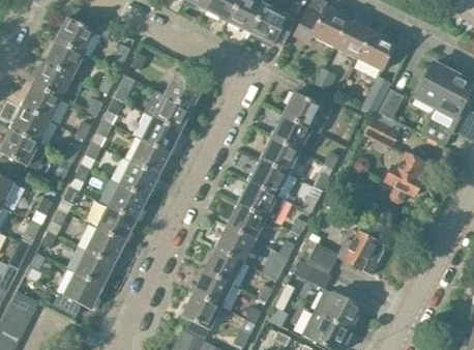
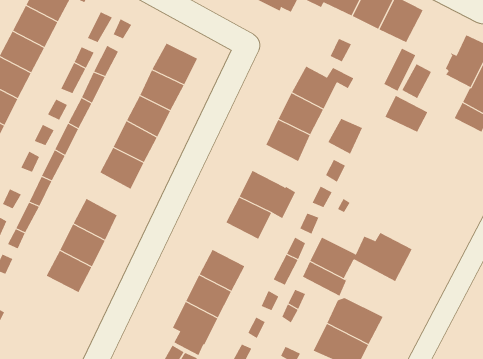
building: [386,155,431,204] -> none
building: [250,158,290,195] -> none
building: [109,182,147,218] -> none
building: [216,225,256,262] -> none
building: [62,270,102,309] -> none

